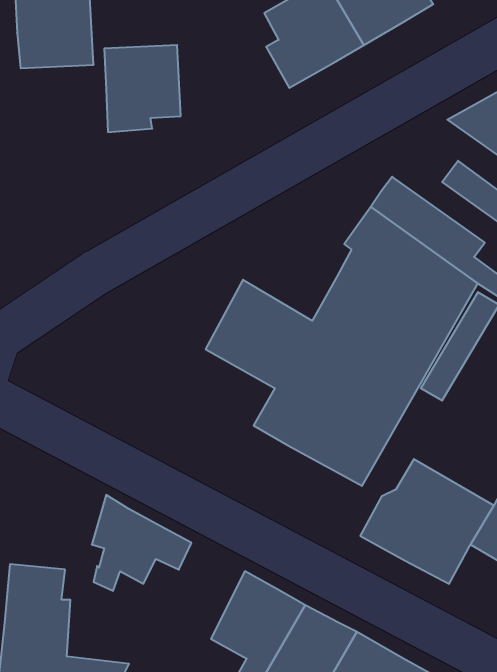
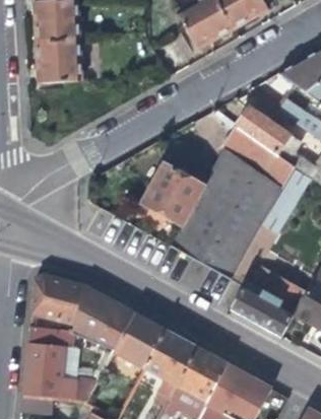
building: [104,45,181,132] -> [37,40,80,89]
building: none -> [31,274,85,327]
building: none -> [115,312,165,367]

